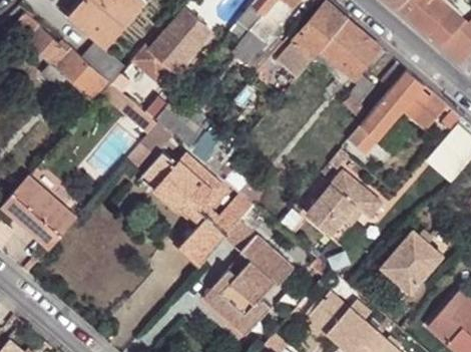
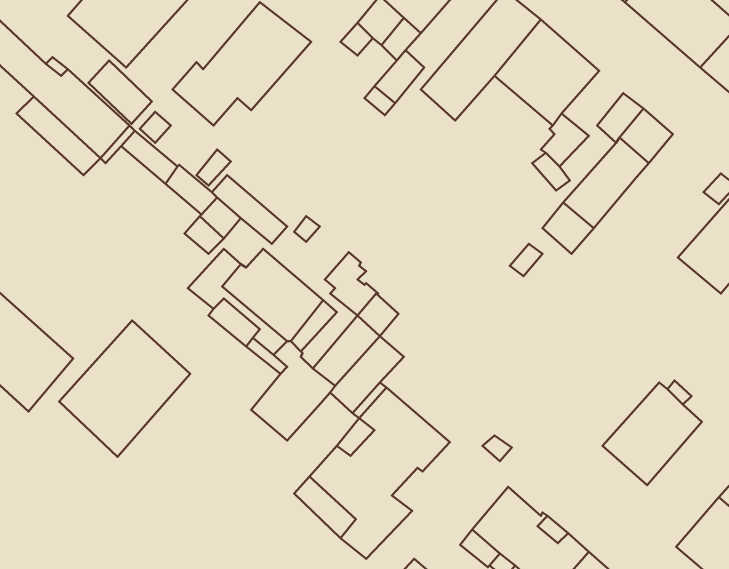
building: [403,85,447,130] -> none
building: [304,170,379,241] -> none
building: none -> [59,321,190,457]

